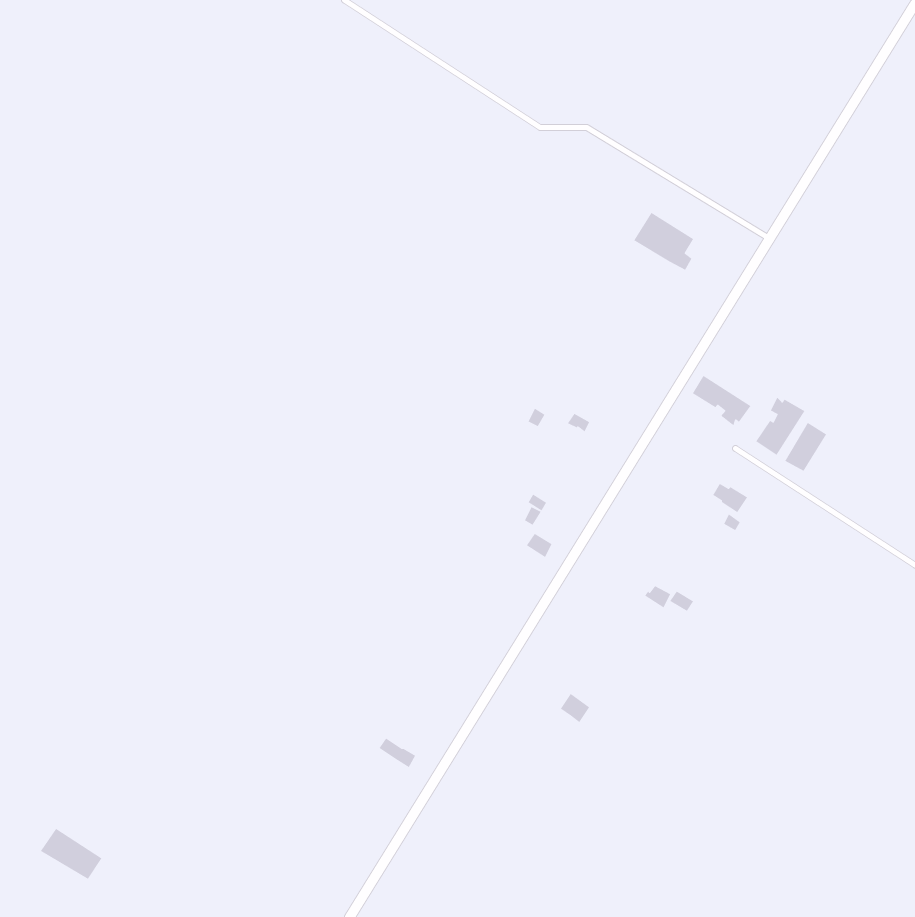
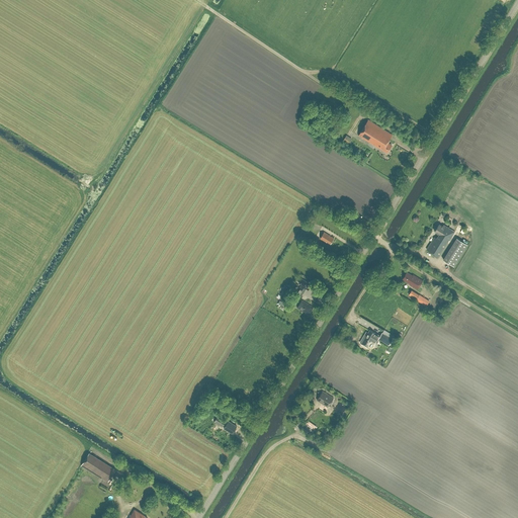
building: [692,375,752,426] -> none
building: [40,828,103,880] -> [80,452,115,482]

